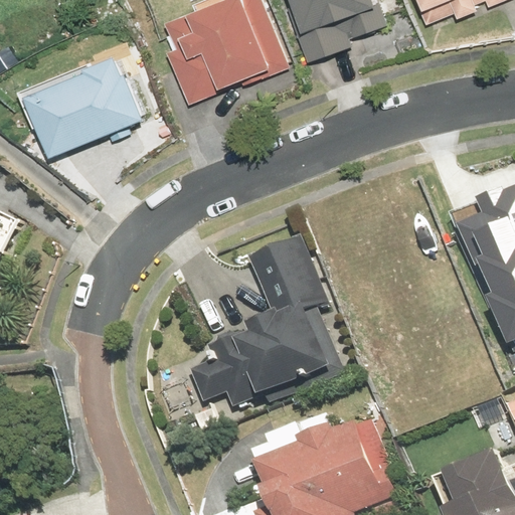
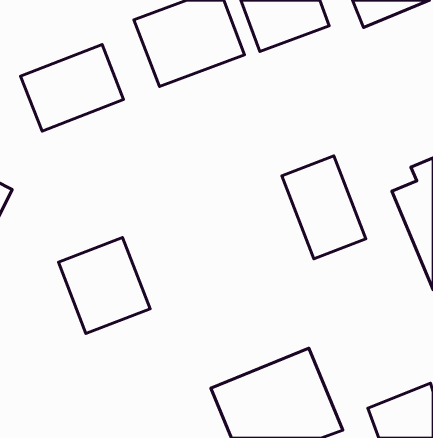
building: none -> [282,156,366,259]
building: [191,234,343,412] -> none
building: none -> [58,238,150,333]

